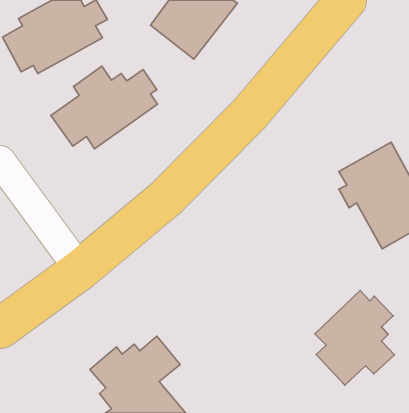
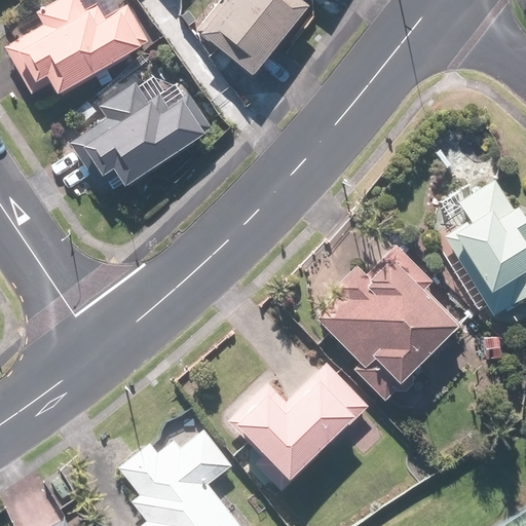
building: none -> [313,242,459,401]
building: none -> [225,363,369,489]
building: [315,291,395,385] -> none

